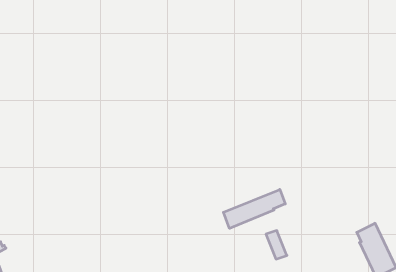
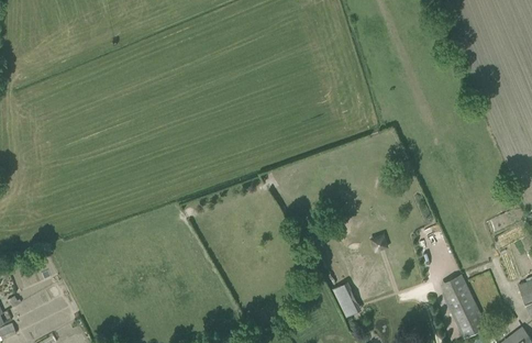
building: [223,189,285,228] -> none

